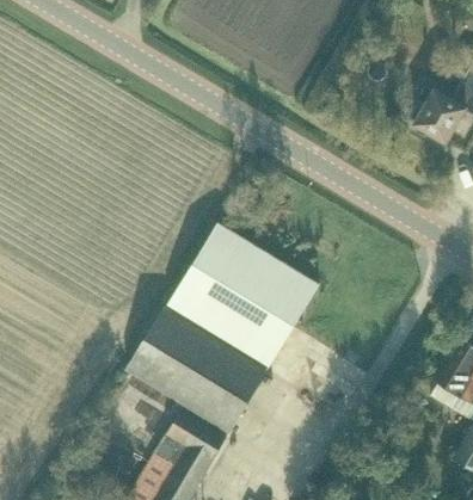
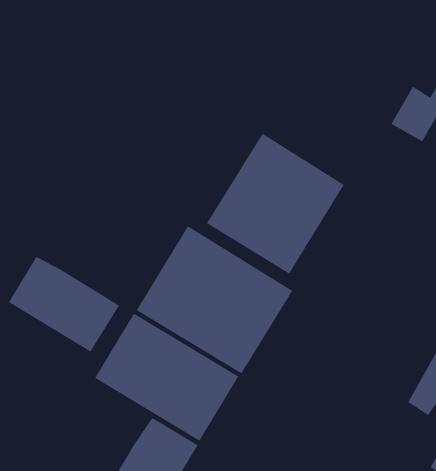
building: none -> [206,133,345,275]
building: none -> [8,256,120,352]

